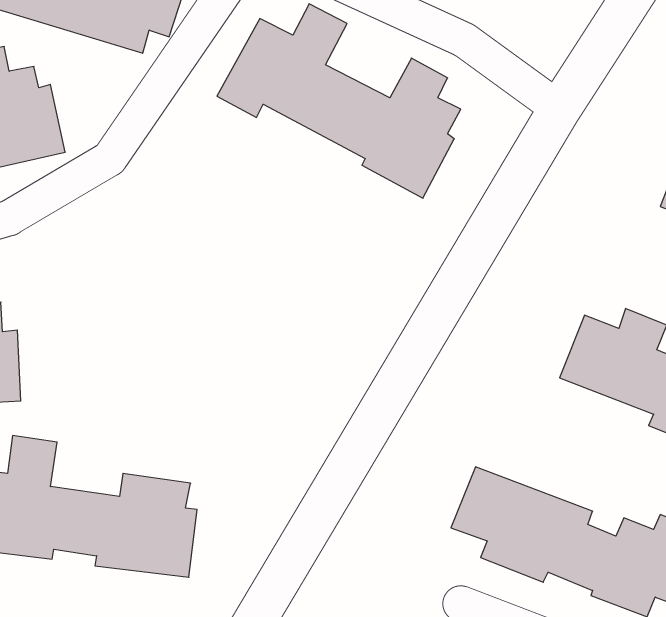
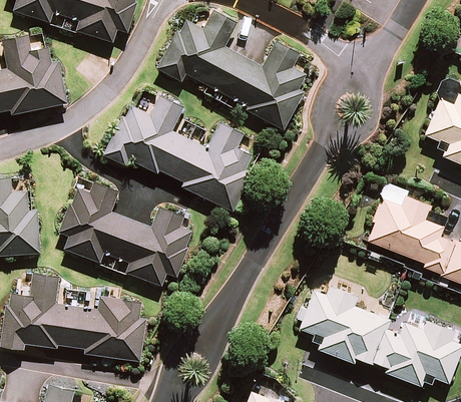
building: none -> [103,97,251,210]
building: none -> [59,181,193,284]

